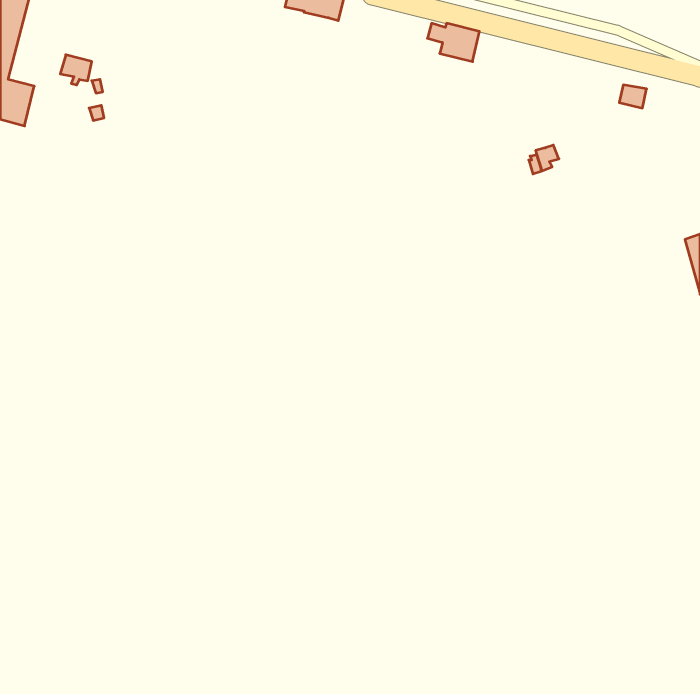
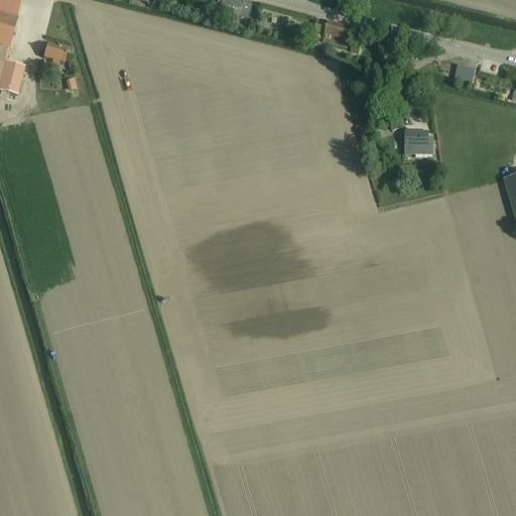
building: none -> [405,128,433,152]

